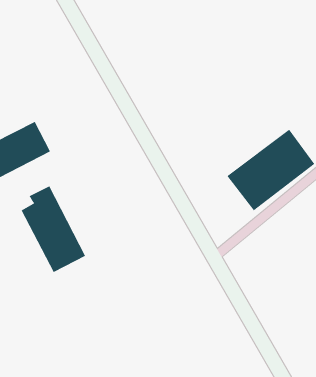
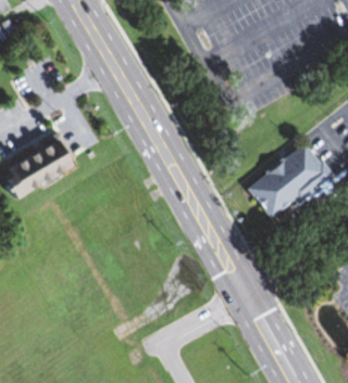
building: [21,186,86,273] -> none

